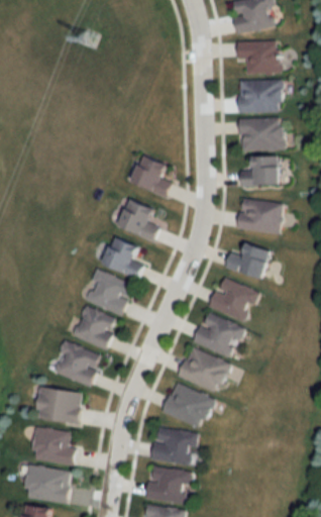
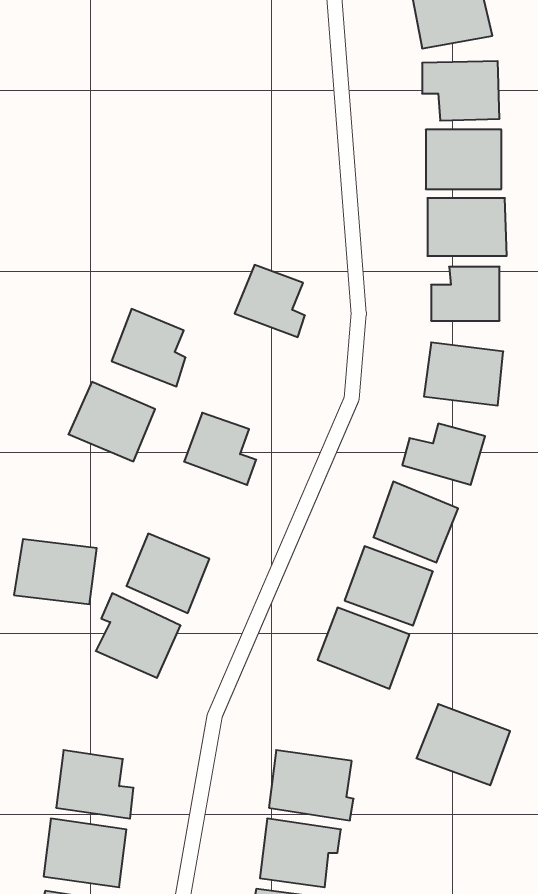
building: [118,199,159,242] -> [112,309,186,386]
building: [85,271,133,315] -> [68,382,155,461]
building: [163,383,215,428] -> [416,704,510,785]
building: [35,388,82,424] -> [14,539,97,604]

